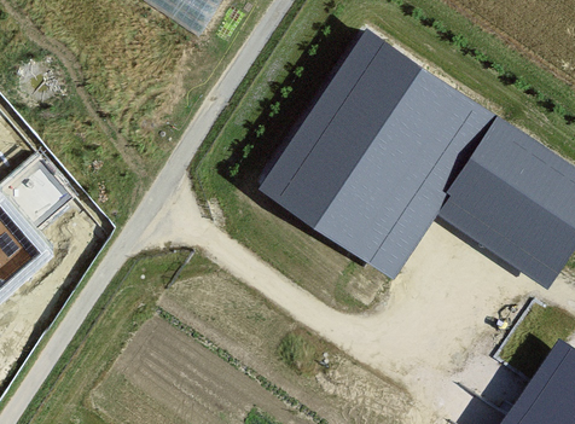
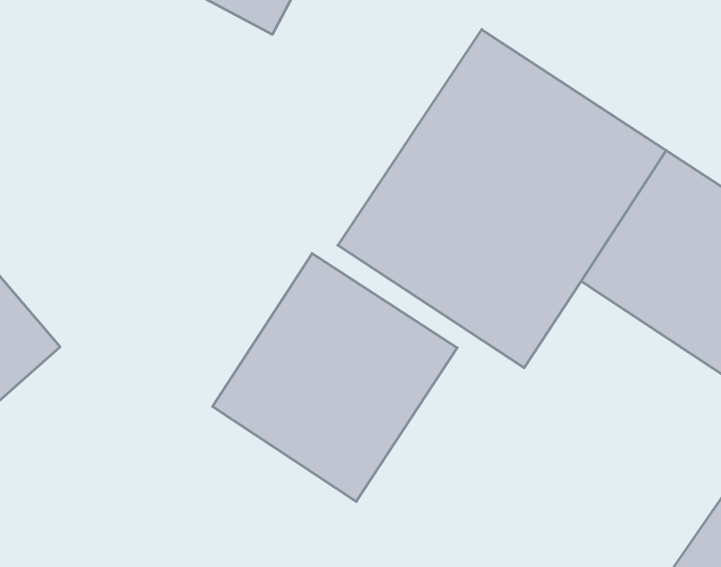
building: none -> [213,253,457,502]

